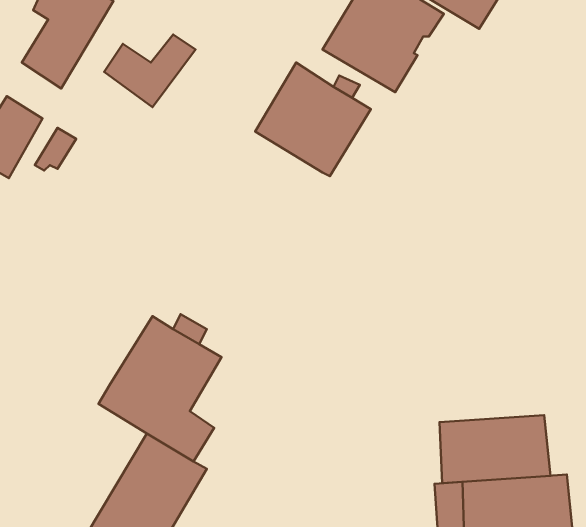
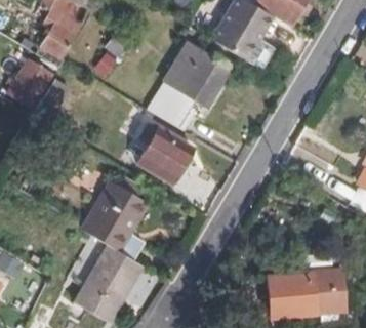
building: none -> [152,80,205,127]
building: none -> [137,125,192,183]
building: [440,415,550,483] -> none

